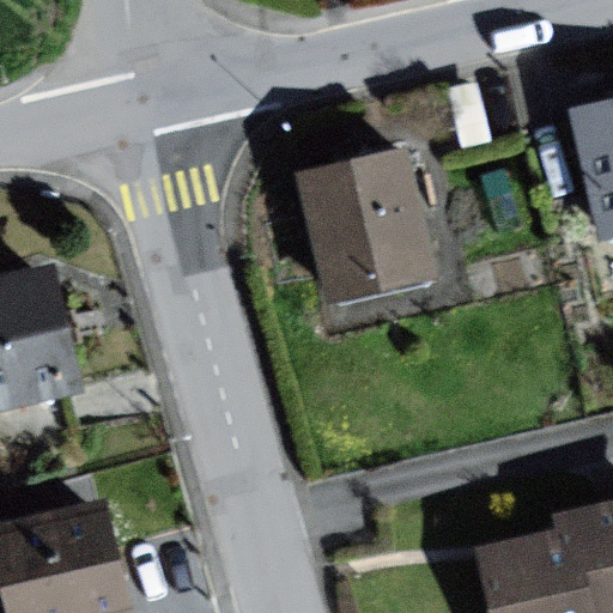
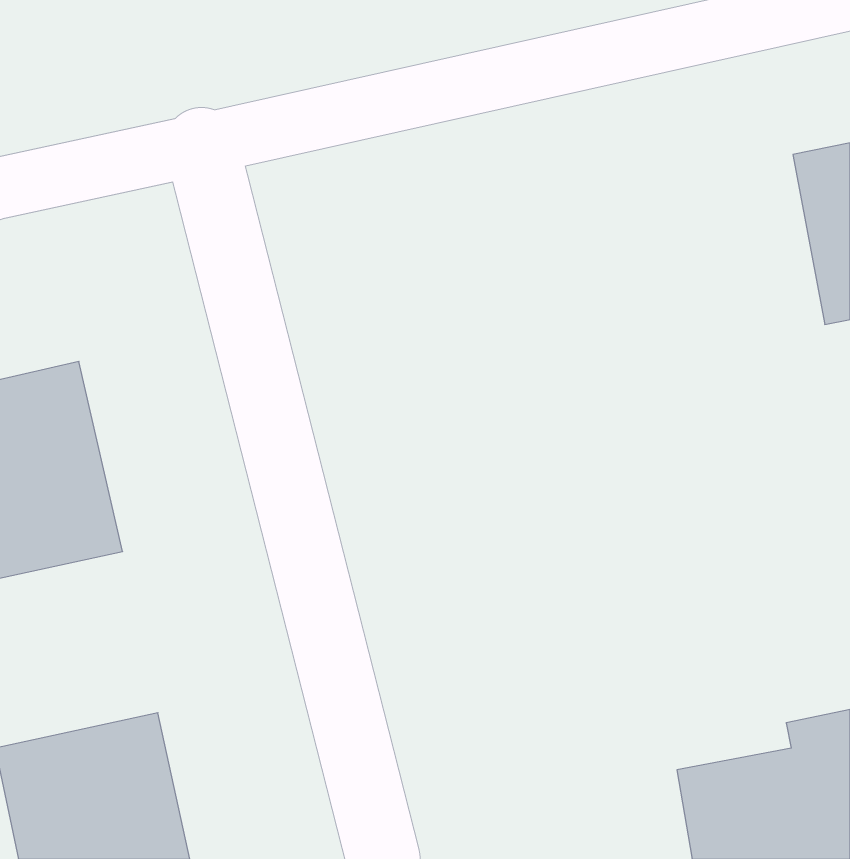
building: [298,153,438,303] -> none

